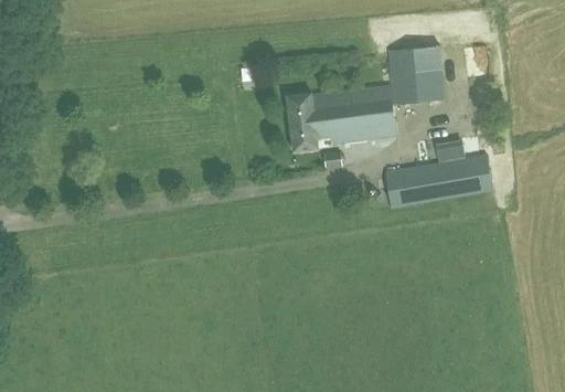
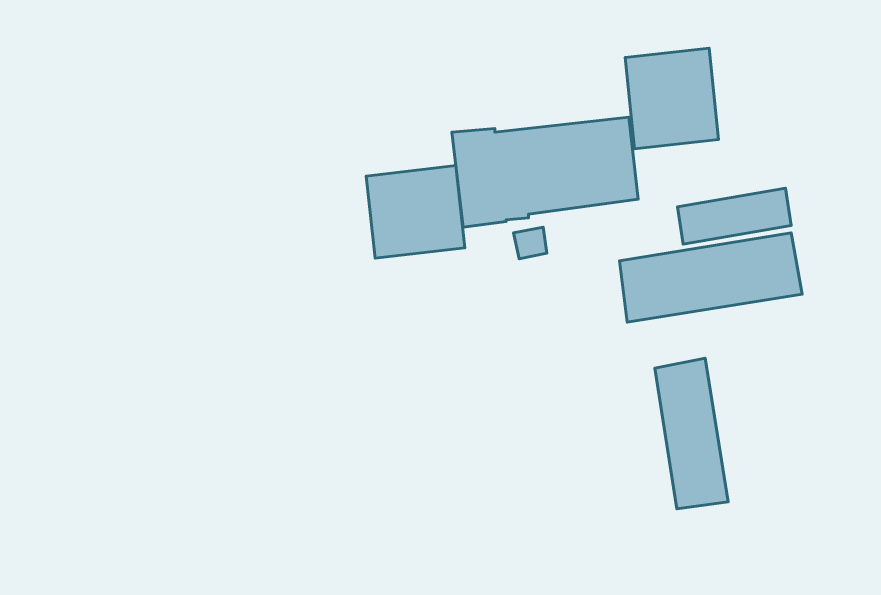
building: none -> [366,166,465,258]
building: none -> [655,358,728,509]

